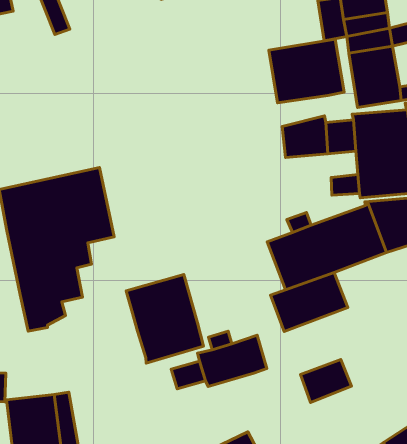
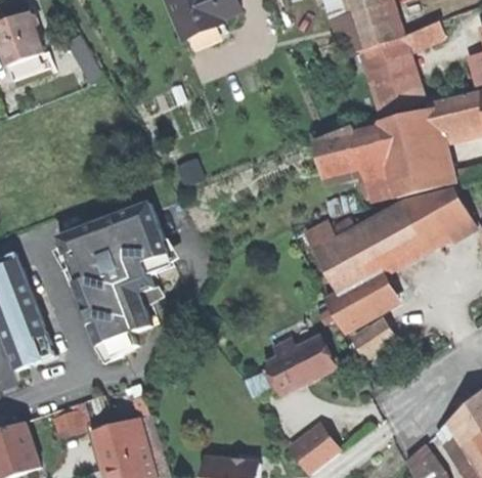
building: [269,39,344,103] -> none
building: [126,275,204,363] -> none
building: [300,359,351,402] -> [343,315,392,359]

